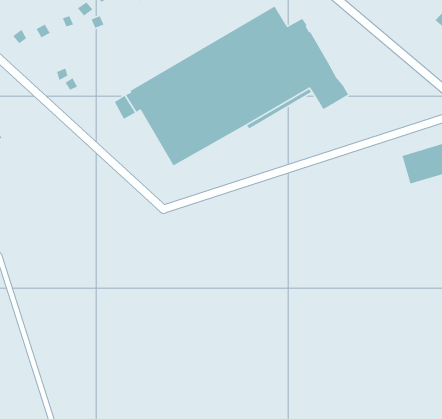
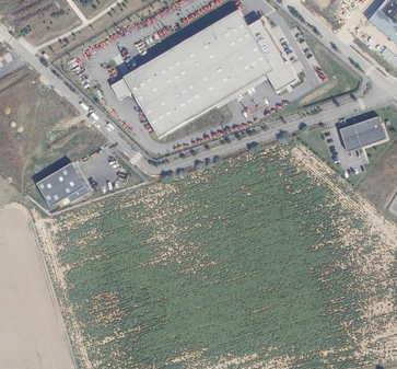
building: none -> [36,161,90,206]

